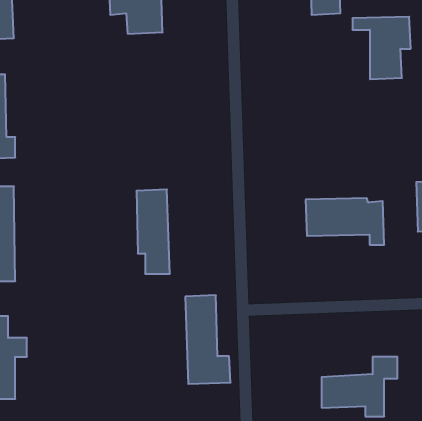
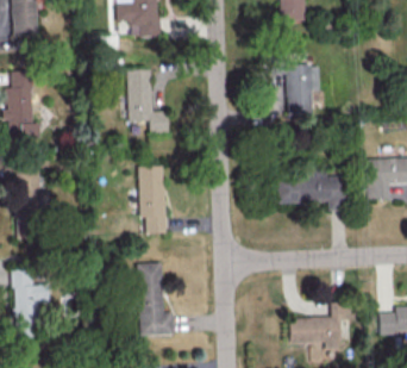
building: [352,17,411,79] -> [273,64,320,116]
building: none -> [126,70,168,133]
building: [185,295,231,384] -> [137,263,174,336]

